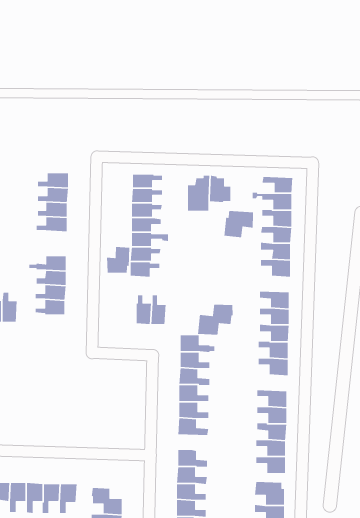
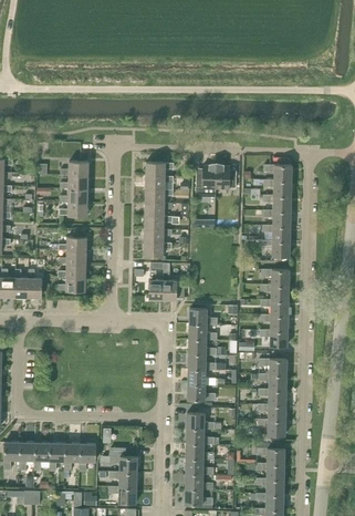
building: [224,210,254,238] -> none
building: [106,246,130,274] -> none
building: [197,304,233,335] -> none

